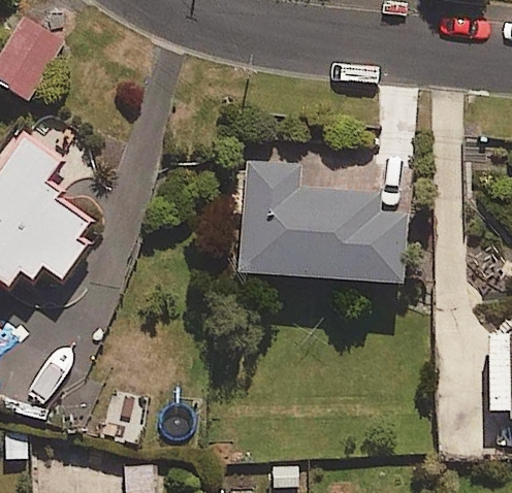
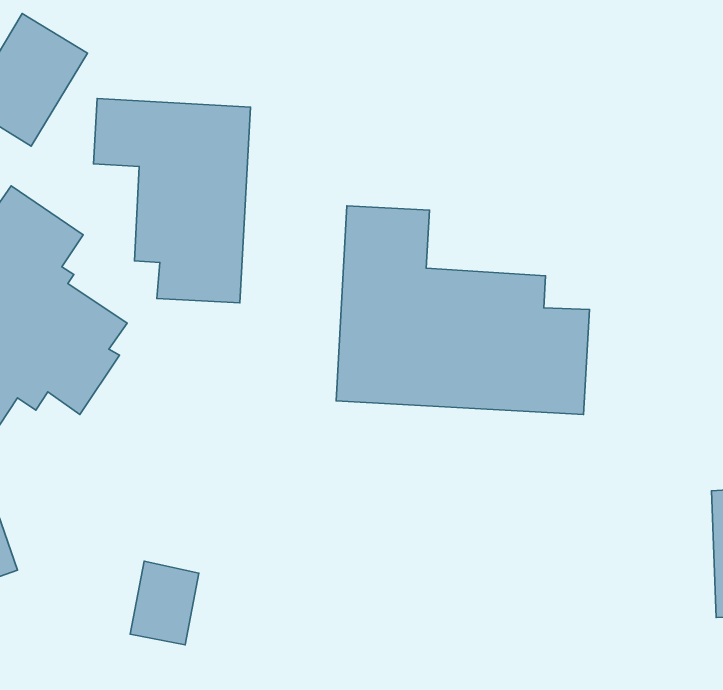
building: none -> [93,98,251,303]

